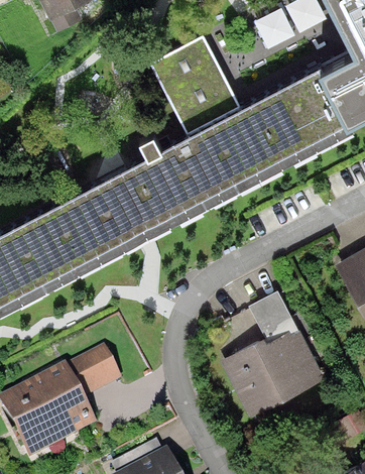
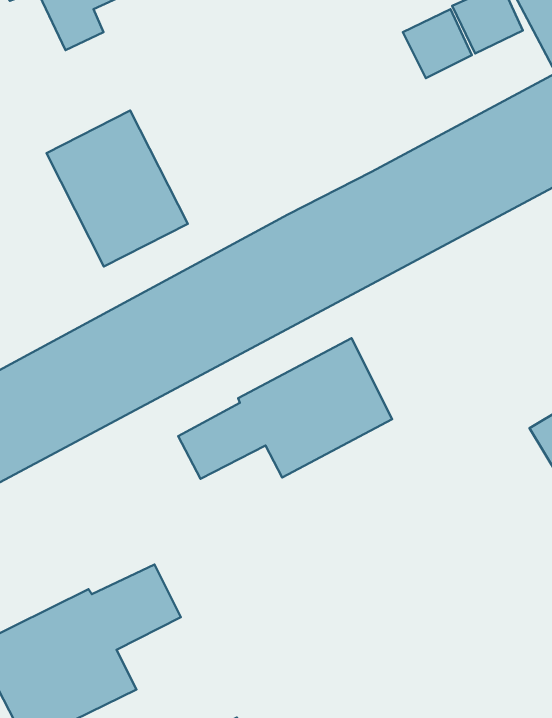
building: [153,38,240,134] -> [46,111,188,267]
building: none -> [178,338,392,479]
building: [222,289,322,412] -> none

